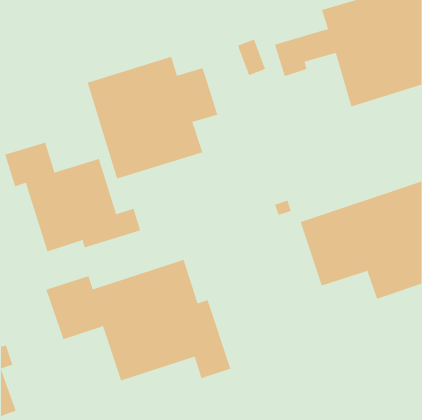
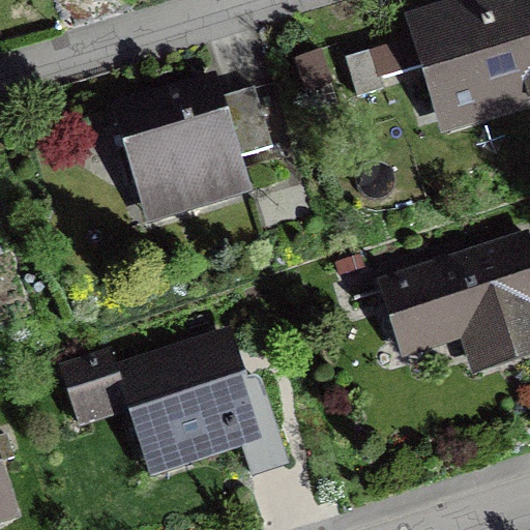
building: [4,142,141,252] -> none

